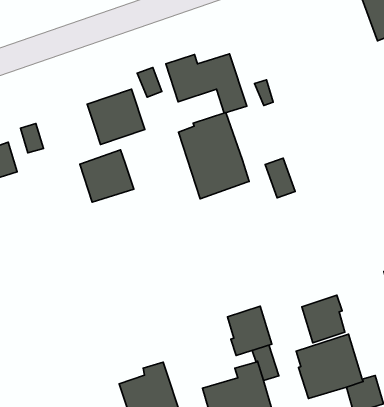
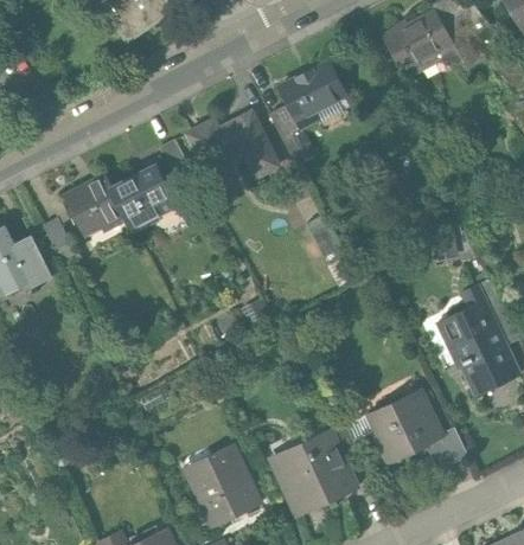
building: none -> [277,62,345,128]
building: [178,113,249,199] -> none
building: [80,150,134,202] -> [63,174,123,233]
building: [302,295,345,343] -> none
building: [228,306,272,356] -> none

